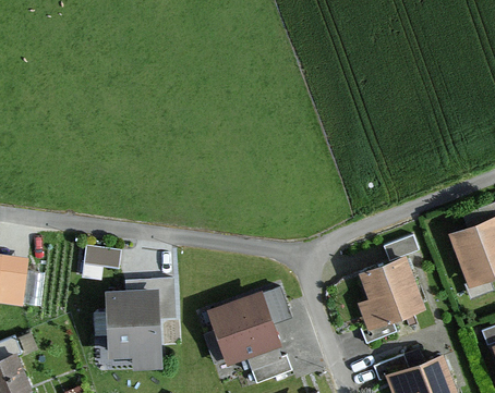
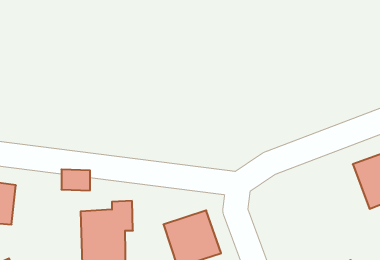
building: [357,256,426,331] -> none

